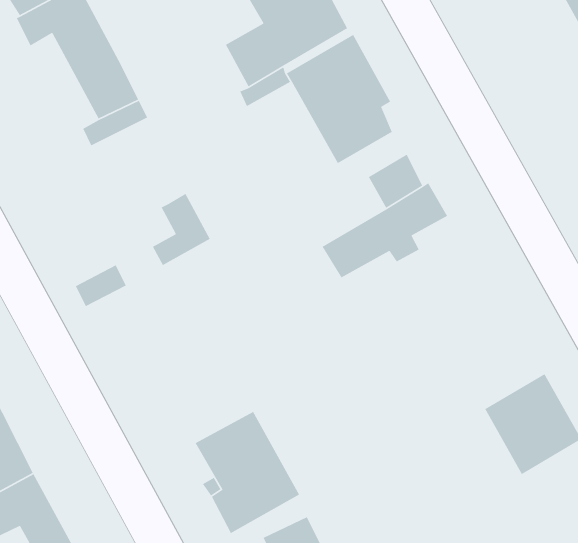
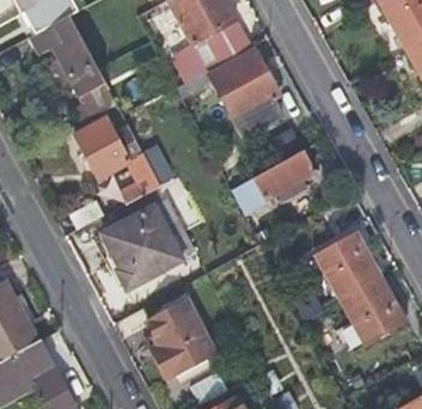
building: none -> [75,116,133,177]
building: none -> [99,206,183,289]
building: none -> [314,230,381,298]

